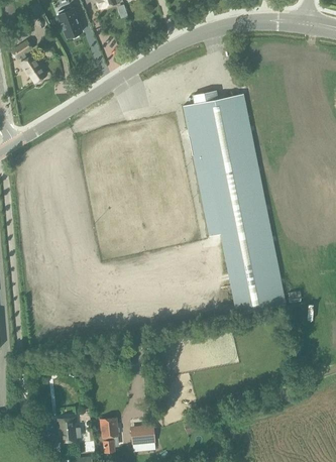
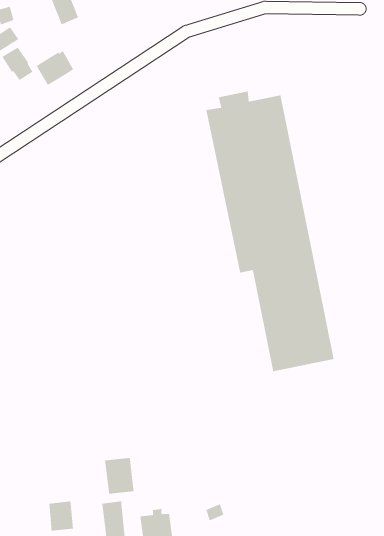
building: none -> [36,50,74,86]
building: none -> [104,457,134,494]

